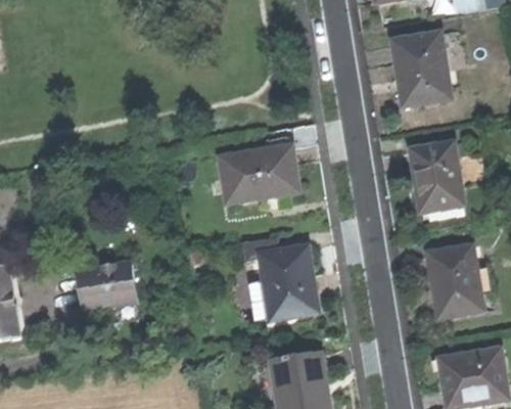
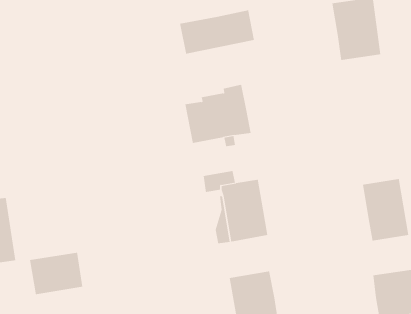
building: none -> [180,10,254,54]
building: [411,142,463,211] -> none
building: [77,262,140,312] -> [29,252,83,295]

